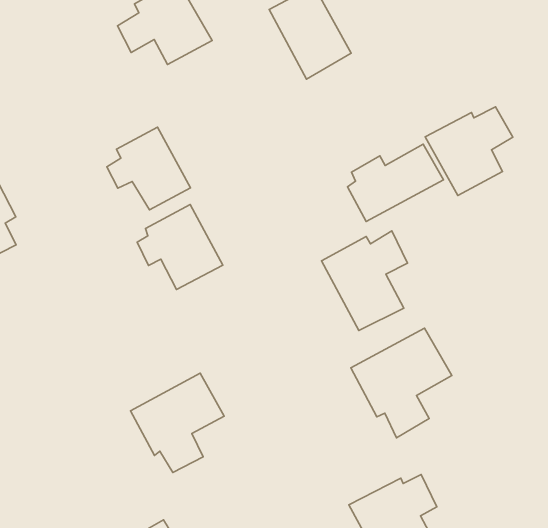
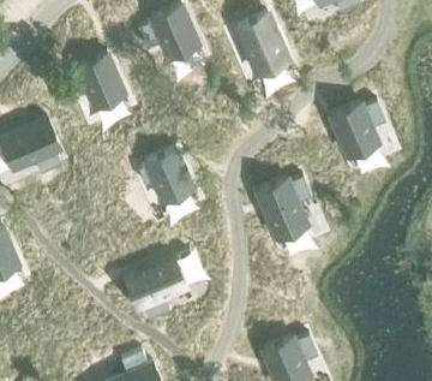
building: [107,127,191,210] -> [71,54,124,107]
building: [347,144,443,222] -> none
building: [351,328,452,438] -> none

